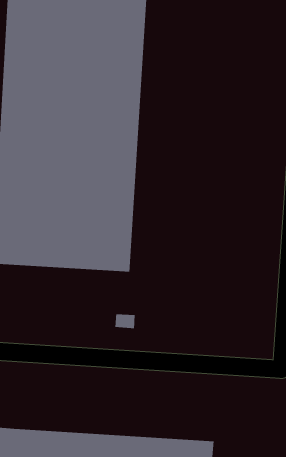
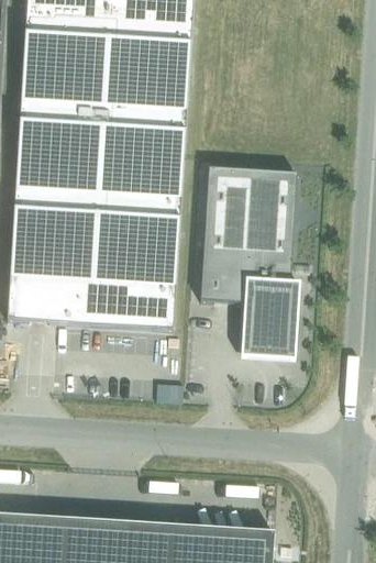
building: none -> [200,167,299,358]

